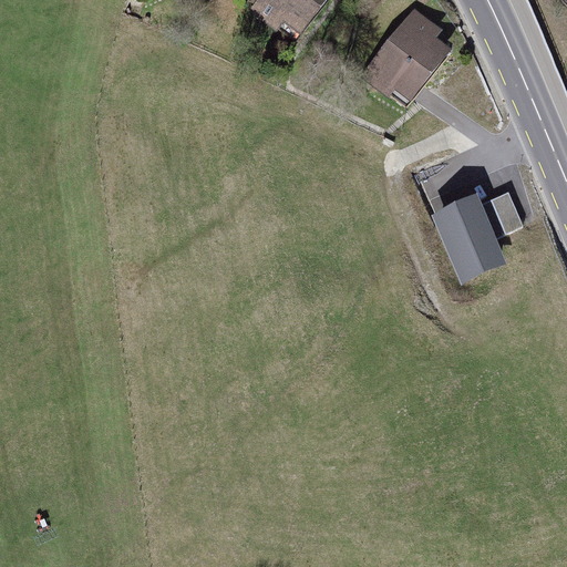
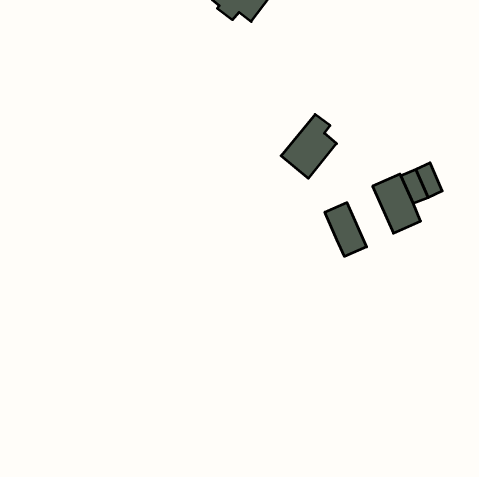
building: [374,17,440,92] -> [281,114,337,178]
building: none -> [325,203,367,256]

